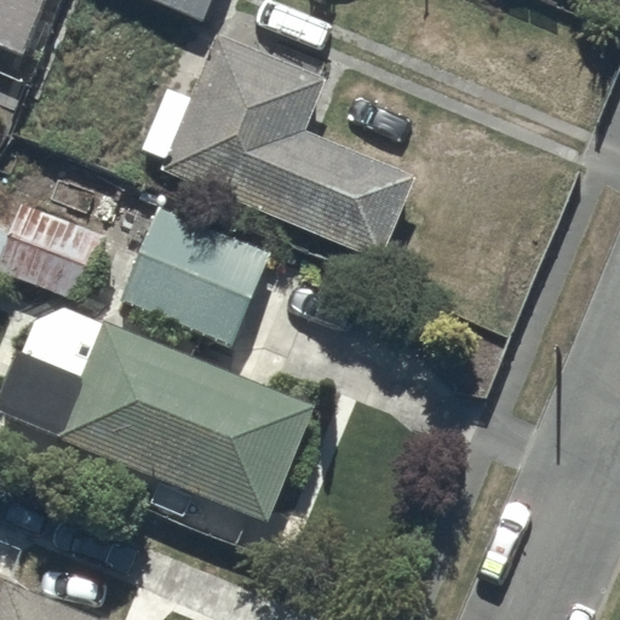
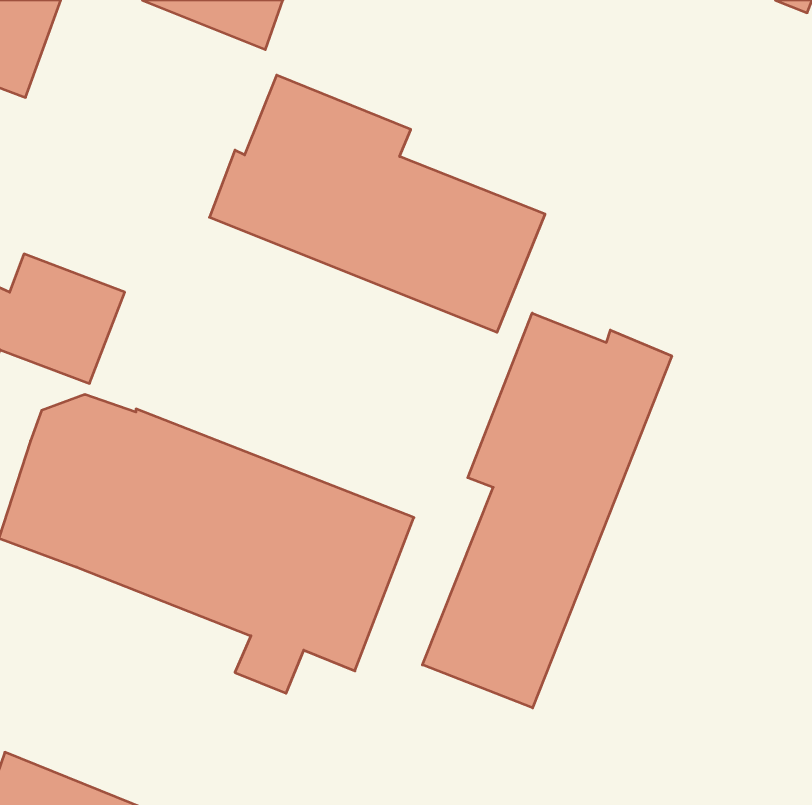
building: [121,206,268,341] -> none
building: none -> [422,313,672,708]

